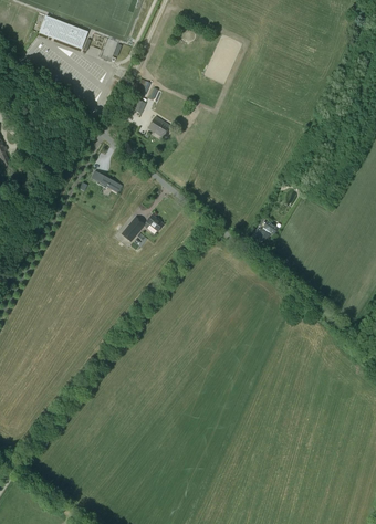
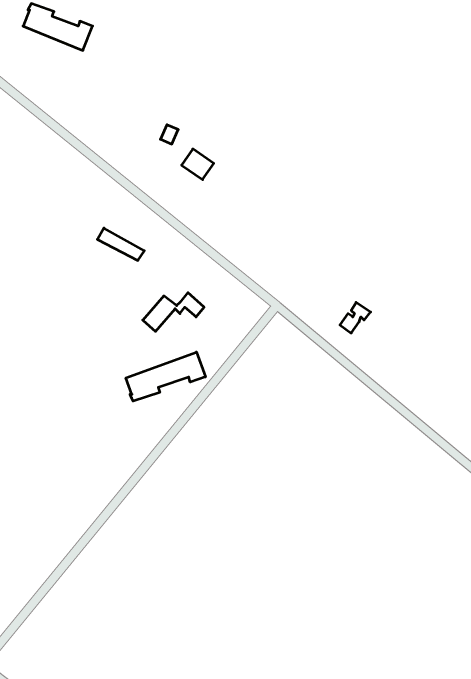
building: none -> [126,352,205,401]

